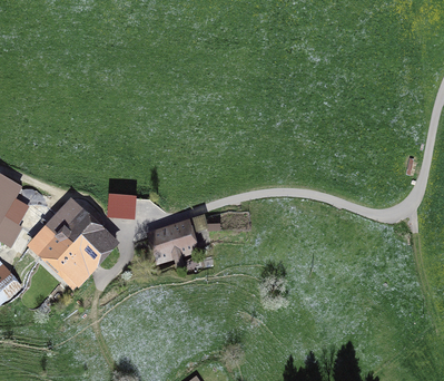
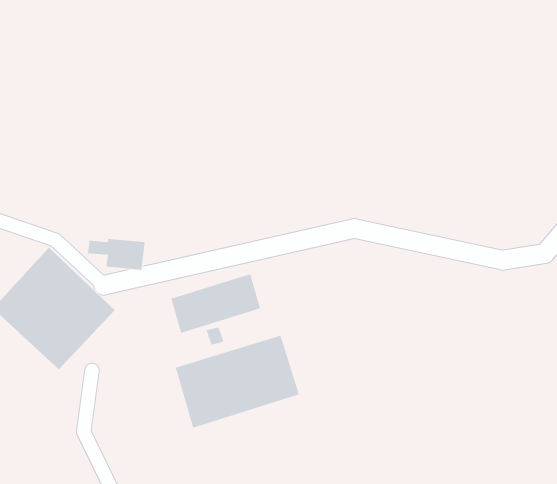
building: none -> [175,335,300,428]

